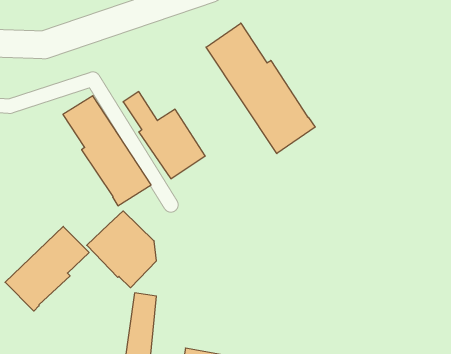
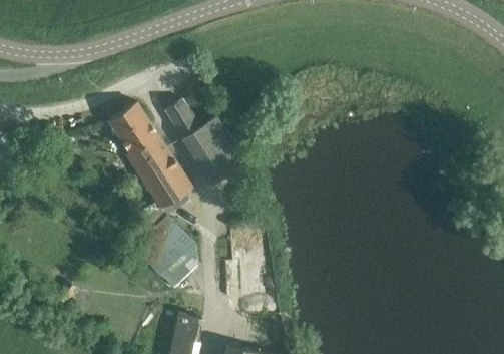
building: [206,23,315,154] -> none
building: [5,226,89,311] -> none

